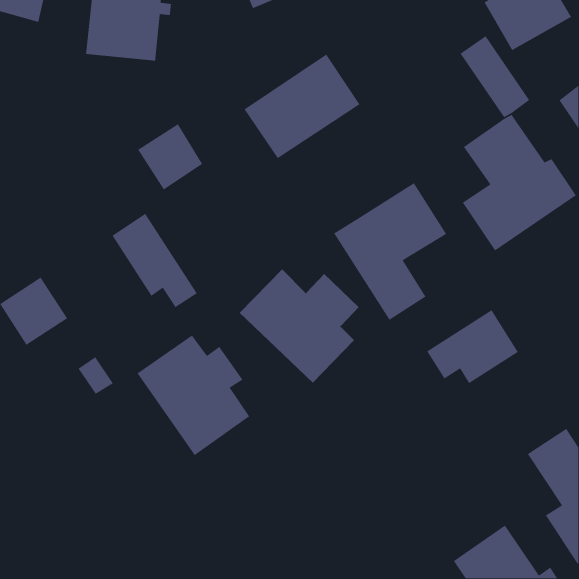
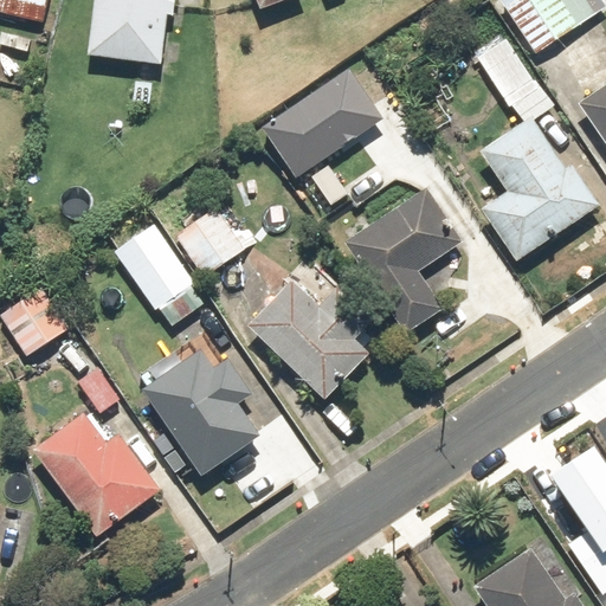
building: [137,123,203,190] -> [176,207,245,277]
building: [426,309,519,384] -> none
building: none -> [36,414,161,537]

